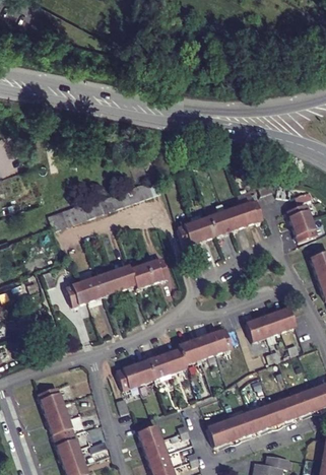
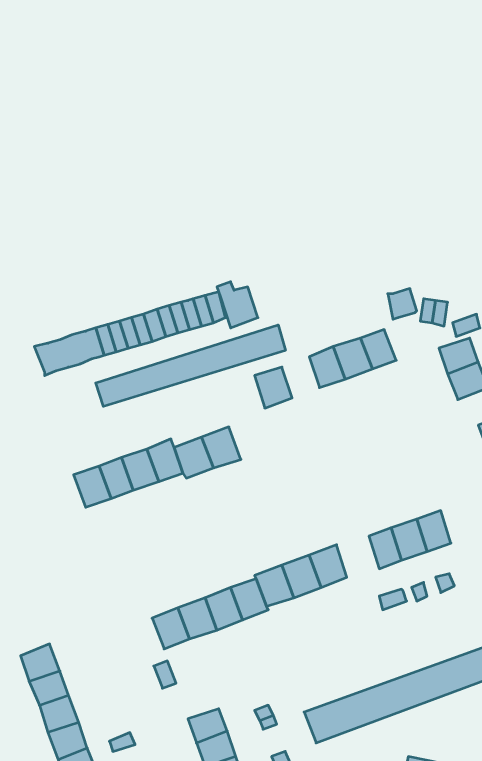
building: none -> [96,325,285,406]
building: [192,214,216,242] -> [217,282,258,328]

